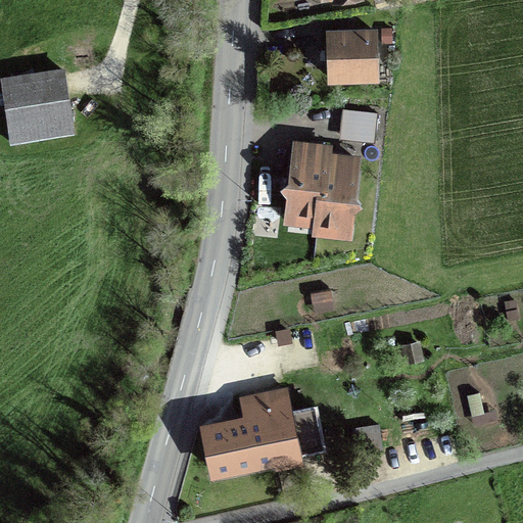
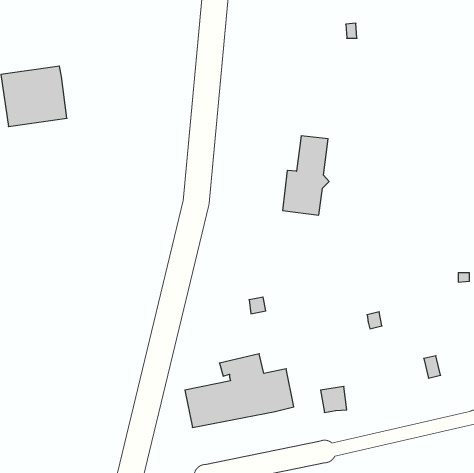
building: [324,26,379,86] -> none
building: [338,109,377,145] -> none
building: [279,138,332,234] -> none

